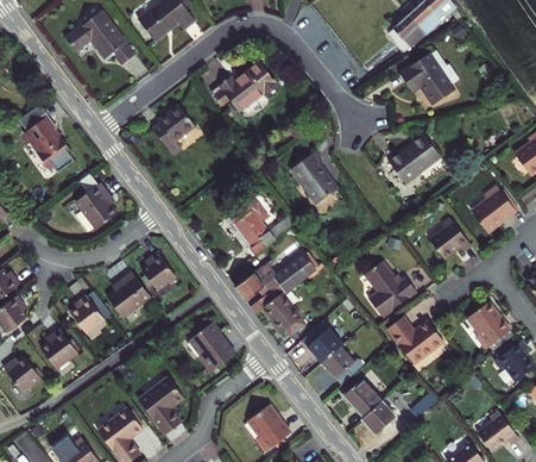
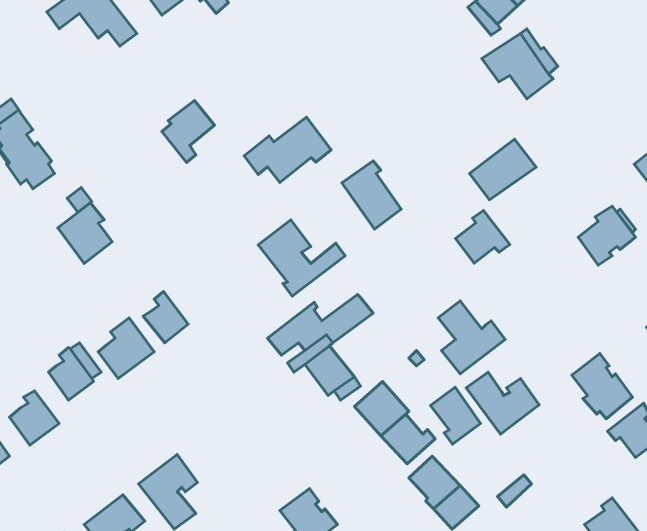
building: [213,62,279,112] -> [244,117,331,182]
building: [430,219,472,260] -> [456,210,510,263]
building: [188,321,233,373] -> none
building: none -> [431,387,480,444]

